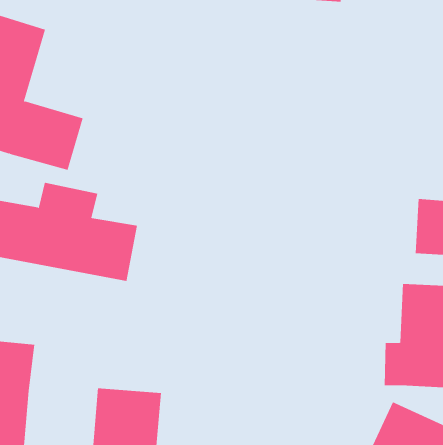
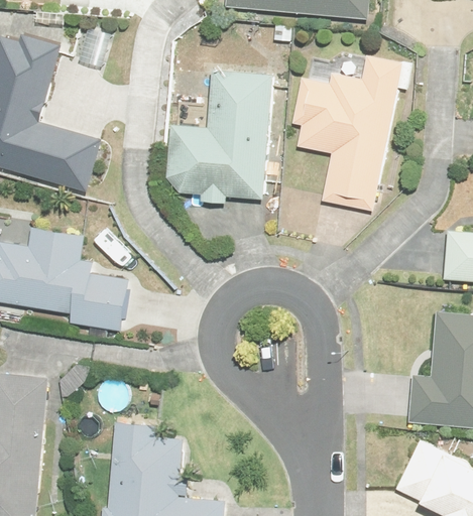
building: none -> [315,41,426,197]
building: none -> [190,55,298,186]

